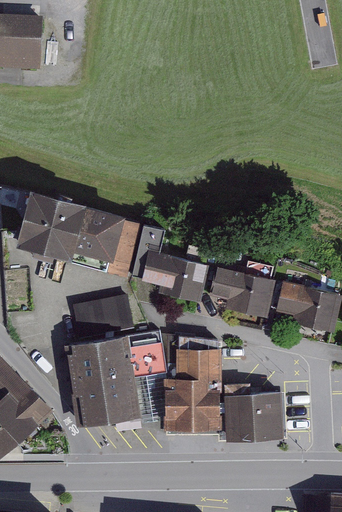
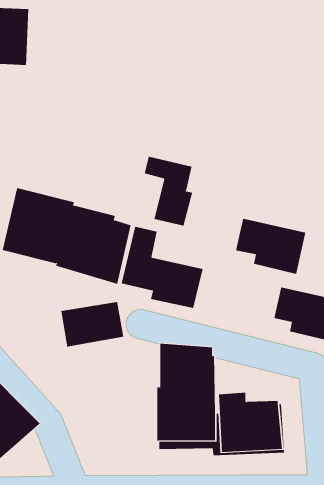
building: none -> [144,156,193,227]
building: [208,265,276,319] -> [235,218,306,274]
building: [67,332,167,427] -> none

